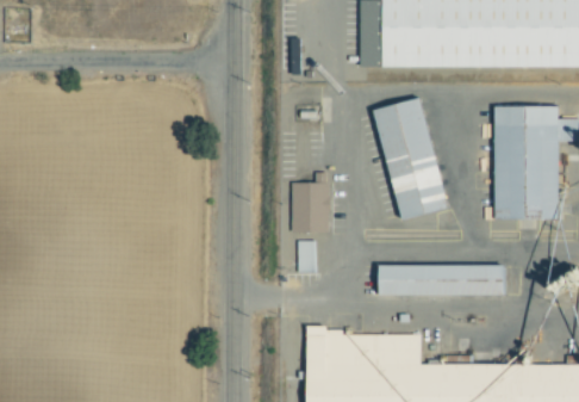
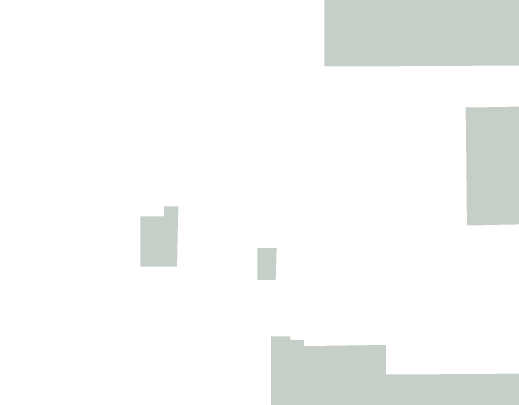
building: [373,97,448,219] -> none
building: [288,173,326,233] -> [139,206,179,268]
building: [379,265,505,297] -> none

